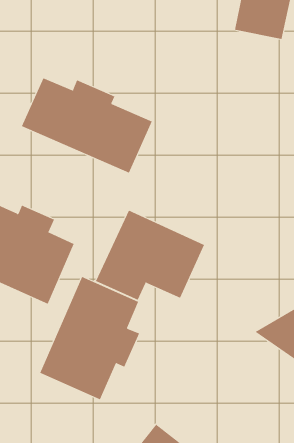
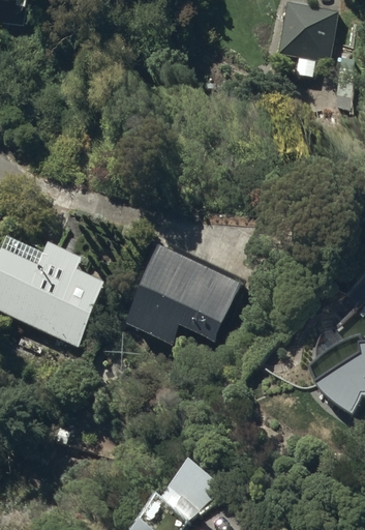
building: [21,77,152,173] -> none
building: [40,276,140,400] -> none

